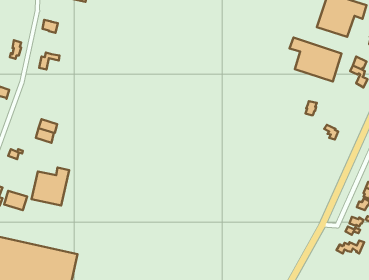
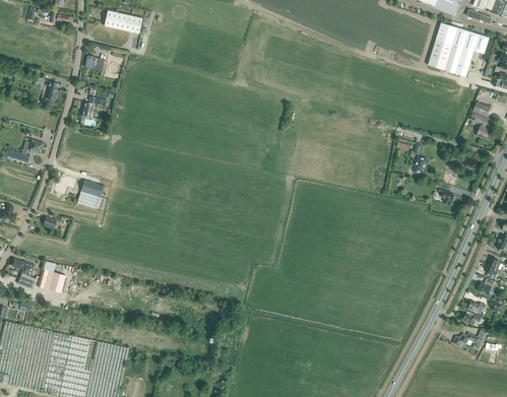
building: [289,38,342,81] -> none
building: [32,167,69,206] -> none

